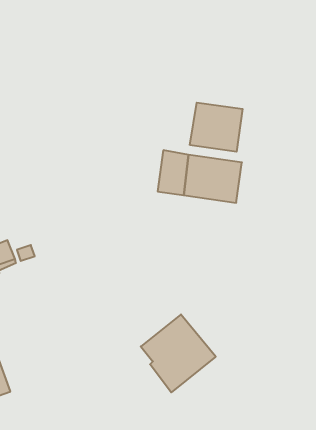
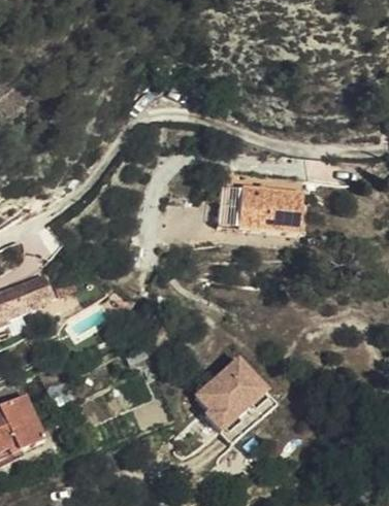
building: [190,103,243,152] -> none

